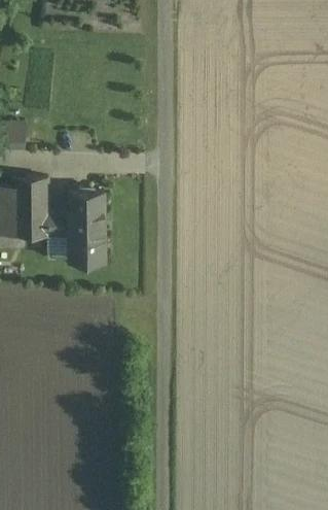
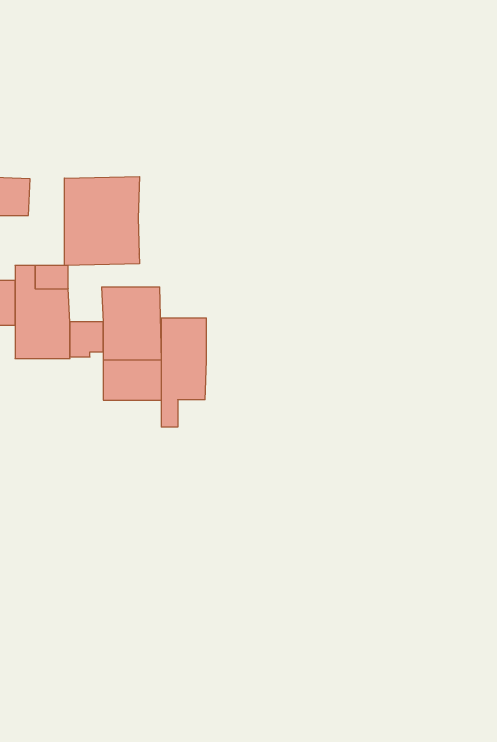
building: none -> [64,177,139,265]
building: none -> [161,318,206,427]

